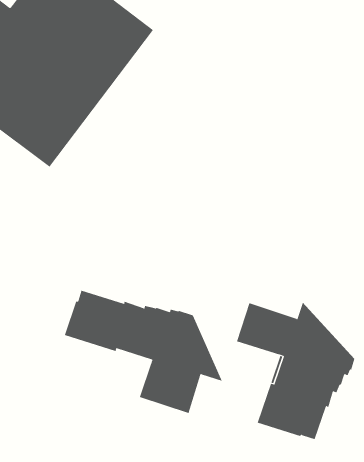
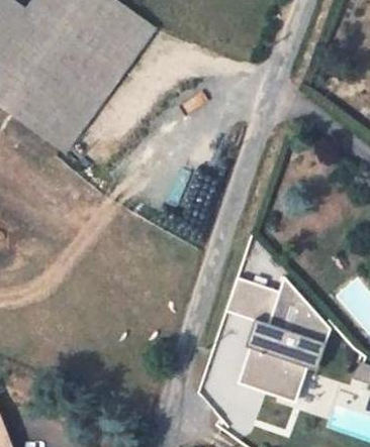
building: [64,290,223,414] -> none

